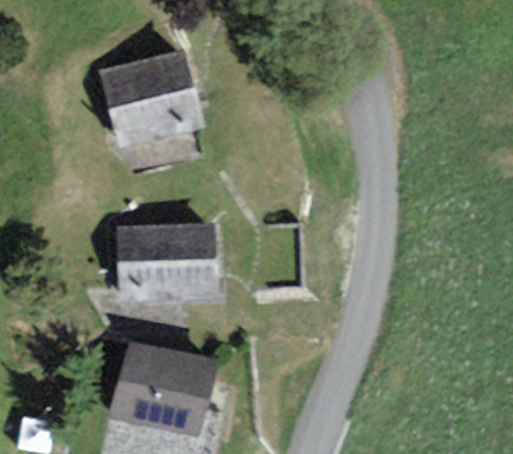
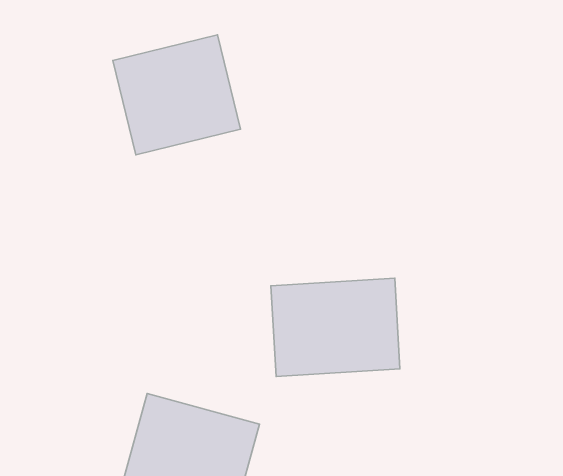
building: [116,223,220,302] -> [271,278,400,377]

